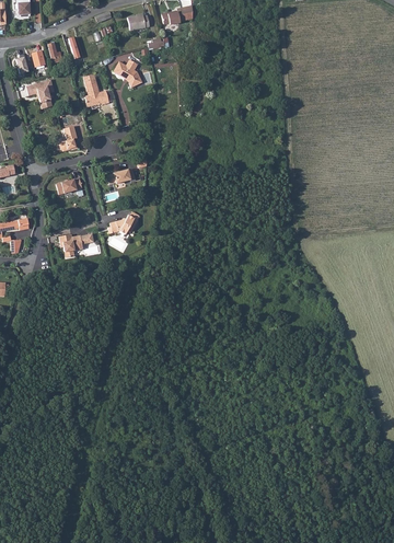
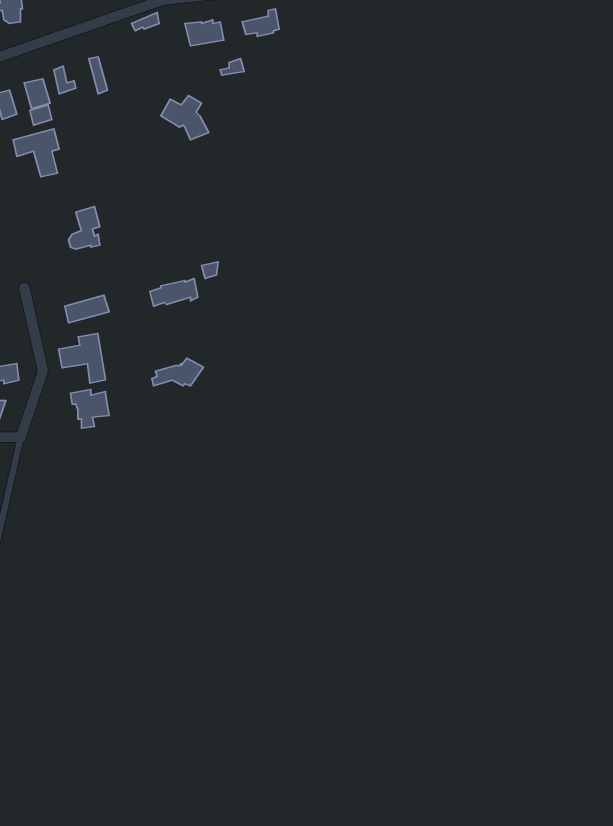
building: [84,79,114,106] -> none
building: none -> [58,333,106,383]

